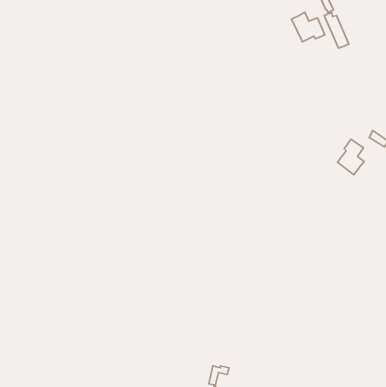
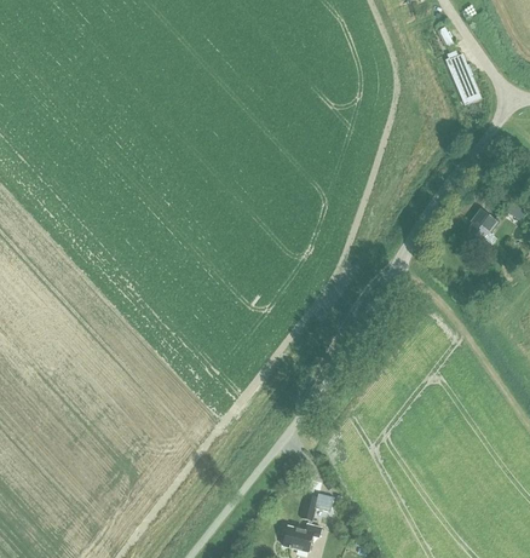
building: [292,12,325,42] -> none

